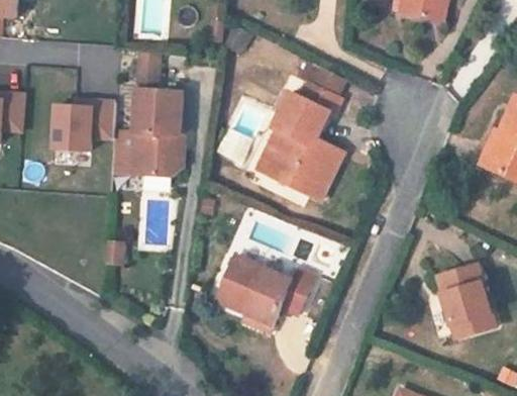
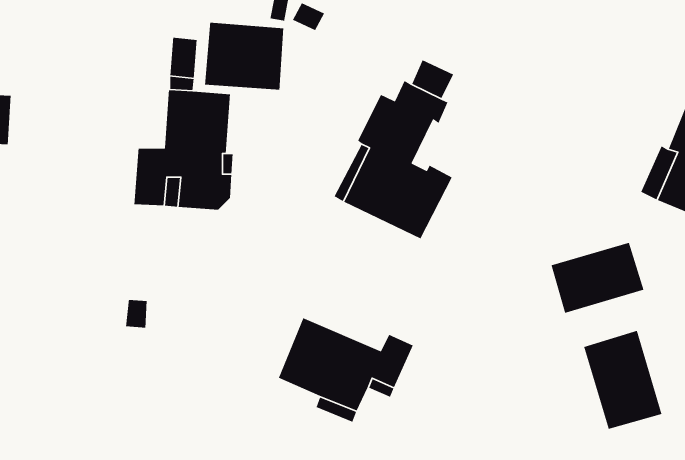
building: none -> [204,22,284,91]
building: [51,100,113,151] -> none
building: none -> [551,242,645,314]

